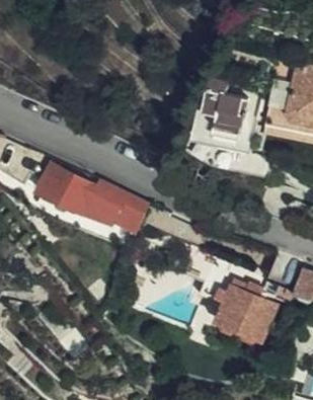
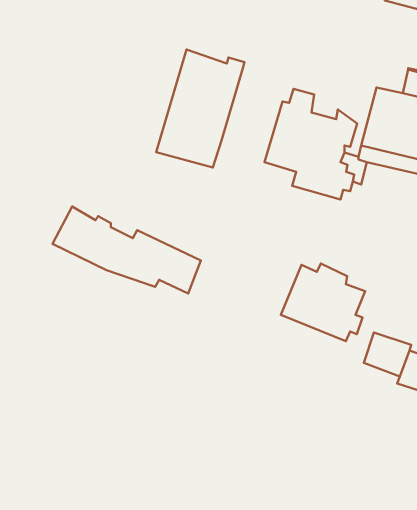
building: none -> [156,49,245,168]
building: [215,284,277,340] -> [281,264,365,341]

